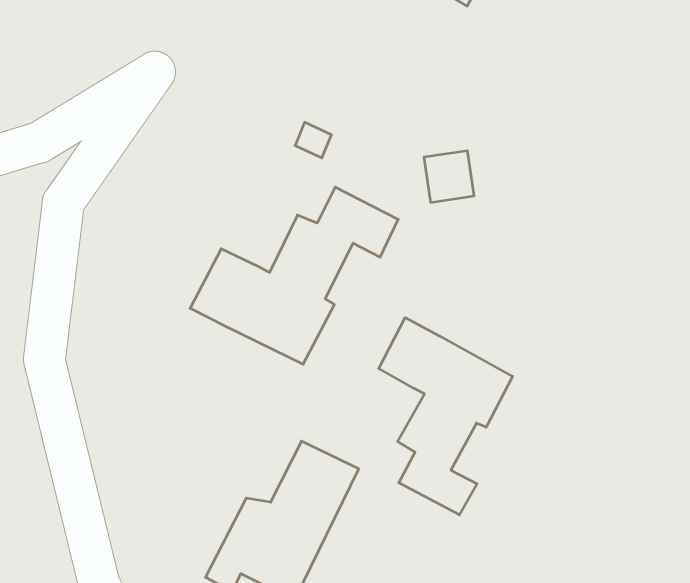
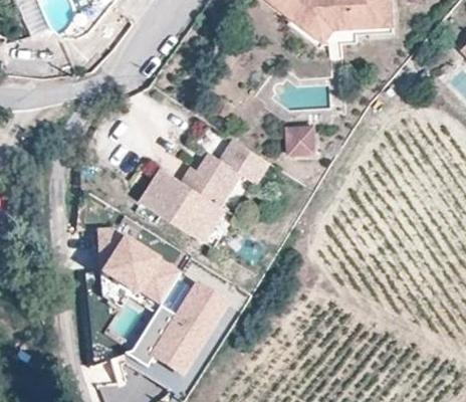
building: [379,318,513,515] -> none
building: none -> [93,230,185,315]

